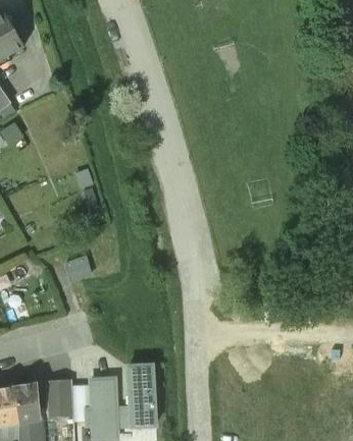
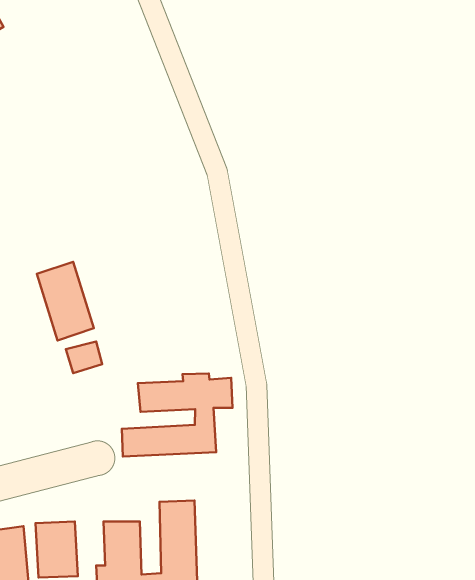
building: none -> [37,262,94,340]
building: none -> [122,373,232,457]

